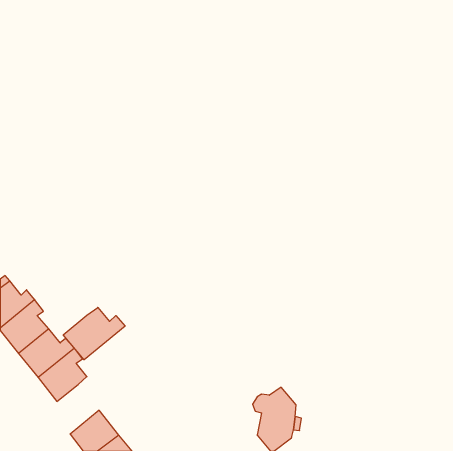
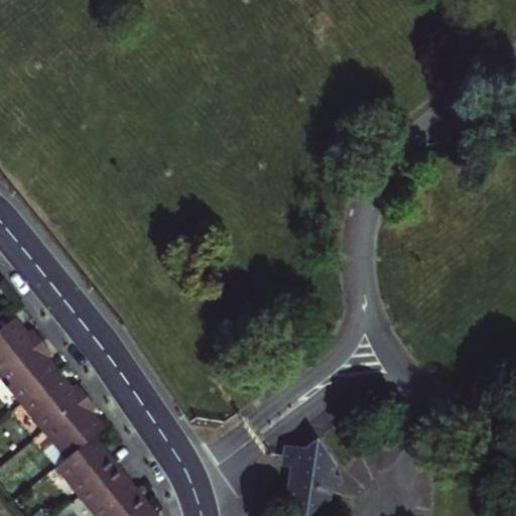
building: [63,307,125,360] -> none
building: none -> [55,437,113,494]

